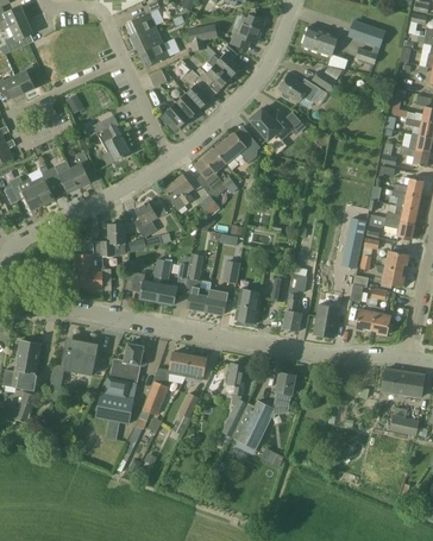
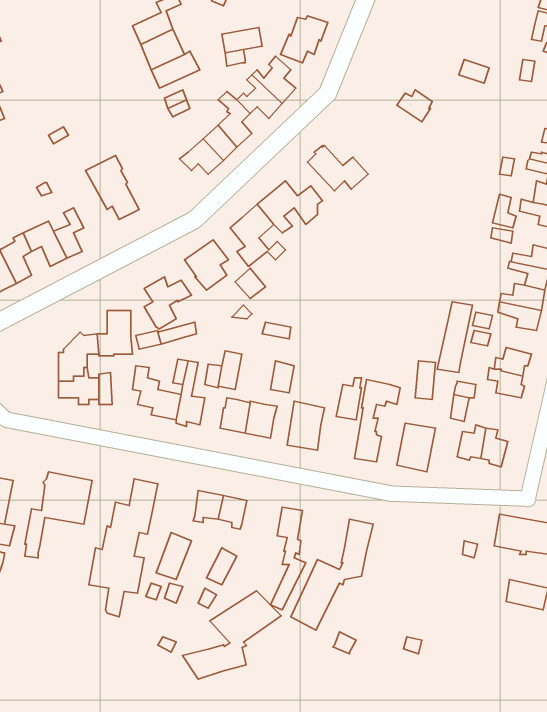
building: [347,19,385,48] -> none
building: [302,25,349,68] -> none
building: [278,74,320,107] -> none
building: none -> [183,591,281,679]

